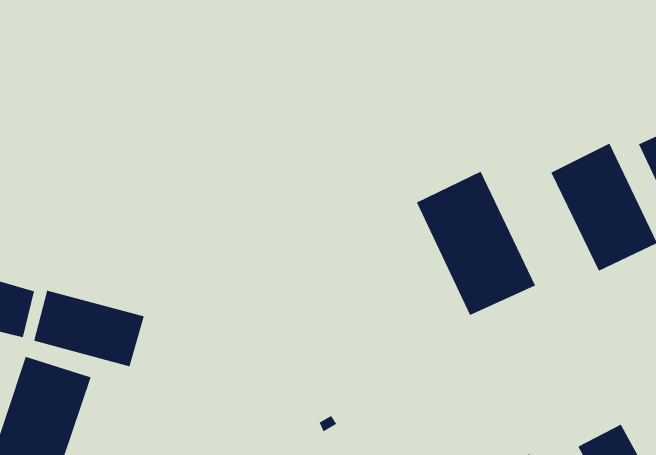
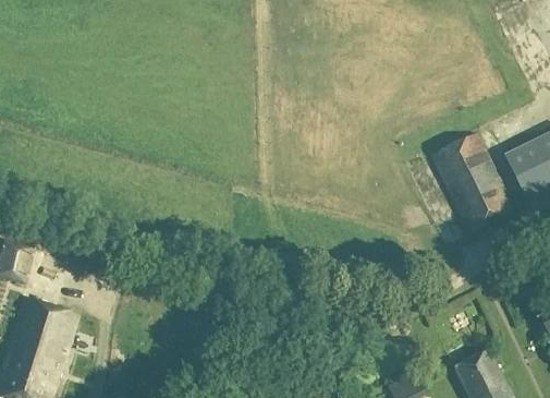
building: [416,171,536,316] -> none
building: [33,290,145,367] -> none

